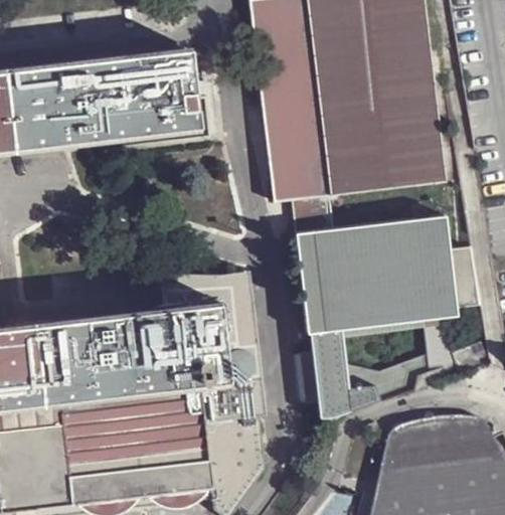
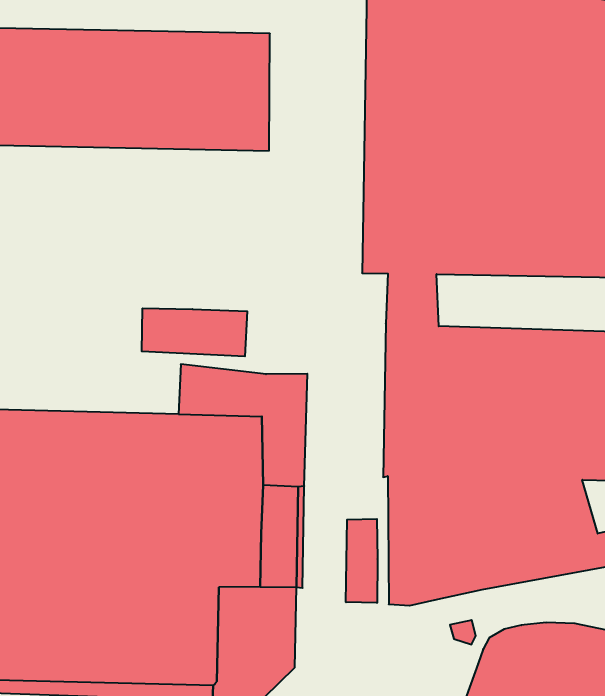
building: none -> [142,308,247,356]
building: none -> [346,519,377,603]

